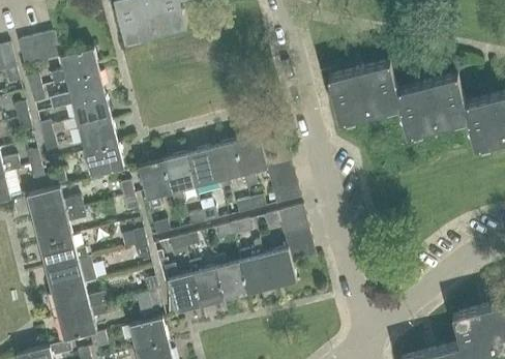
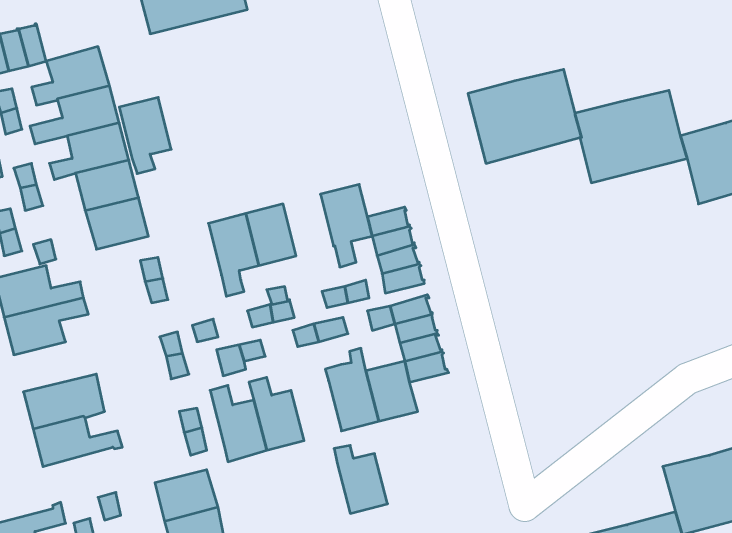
building: [210,142,242,188] -> none
building: [138,160,171,209] -> [119,97,171,174]
building: [38,236,87,268] -> none
building: [213,256,247,299] -> [334,445,388,513]
building: [57,303,105,340] -> none

